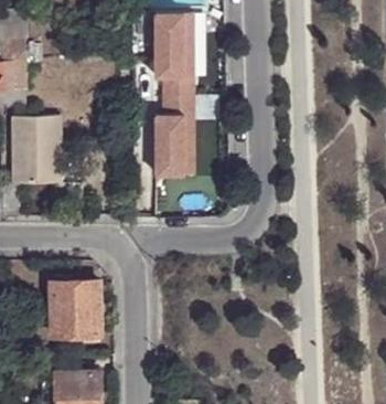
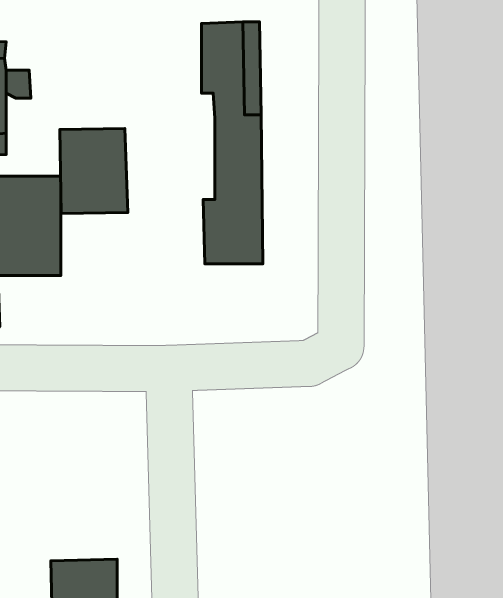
building: none -> [60,129,128,214]
building: [50,281,101,336] -> none

